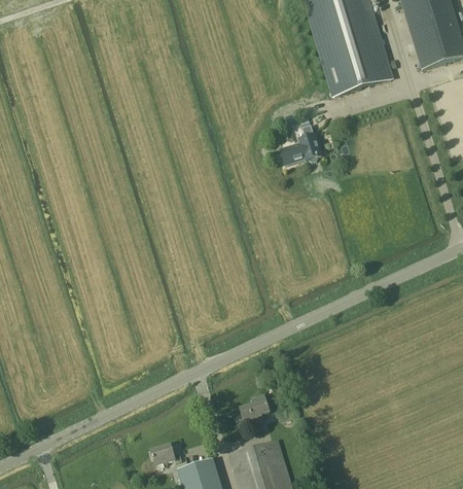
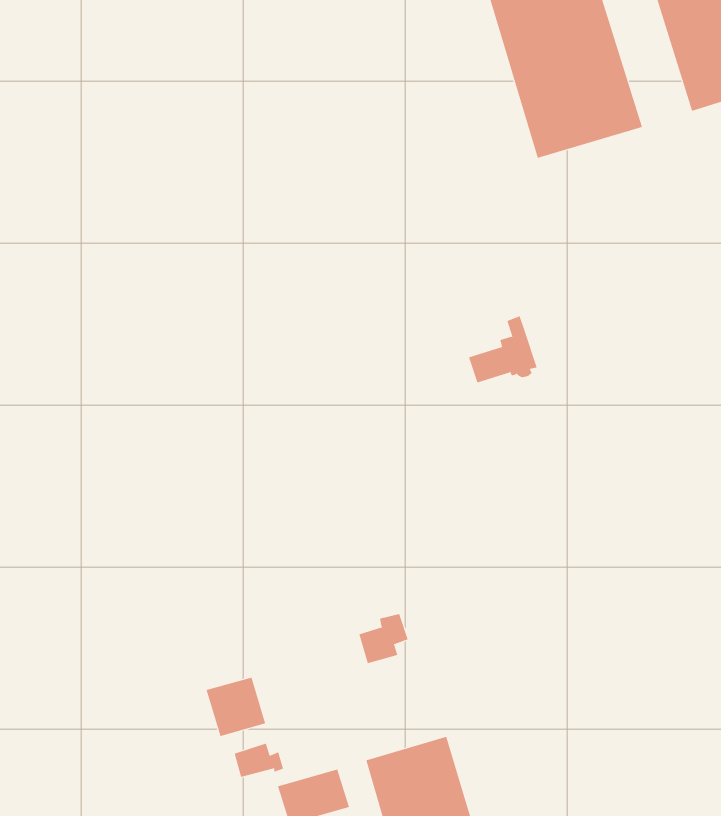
building: [280,124,321,164] -> [468,315,538,383]
building: [240,394,270,424] -> [358,613,409,664]
building: none -> [206,677,266,737]

